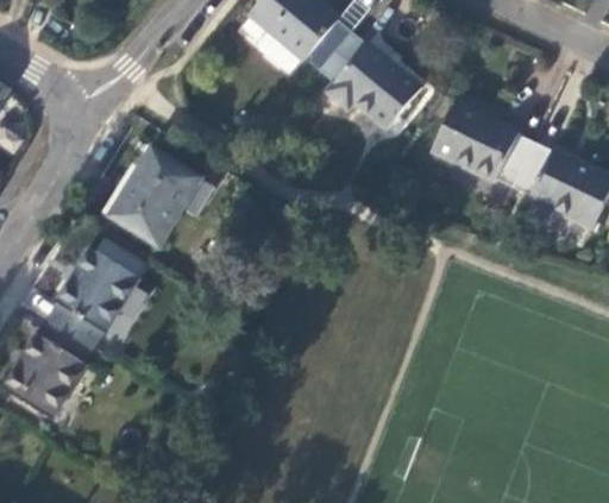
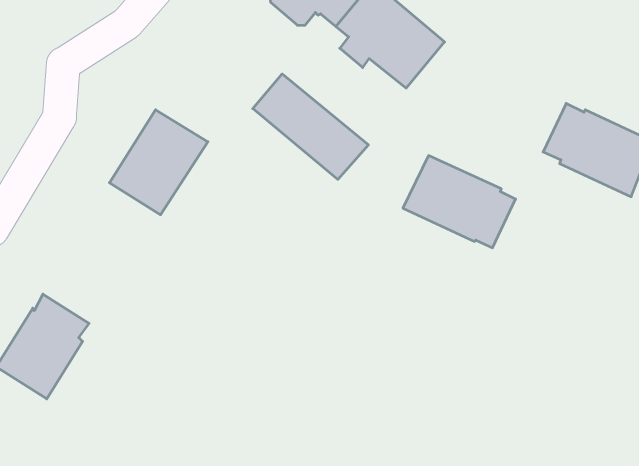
building: [431,102,535,188] -> [403,156,516,248]
building: none -> [253,74,368,179]
building: [49,247,138,347] -> none

